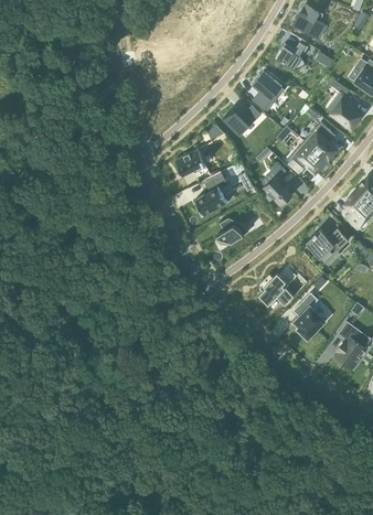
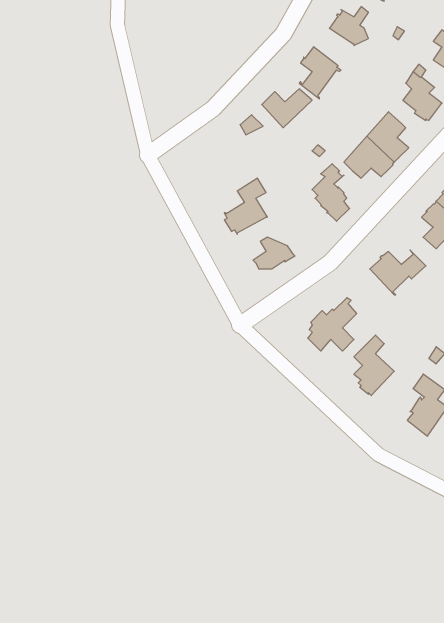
building: [175,148,212,182] -> none

